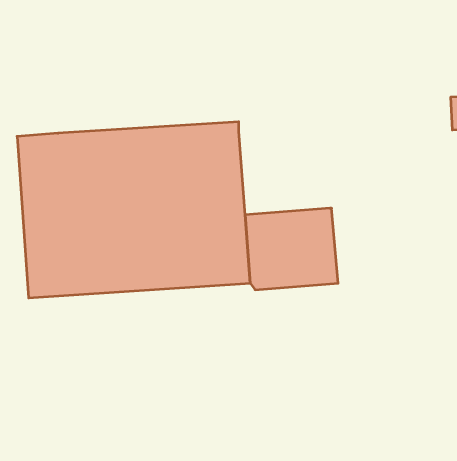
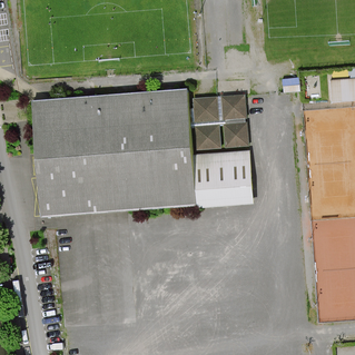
building: none -> [184,95,246,156]

